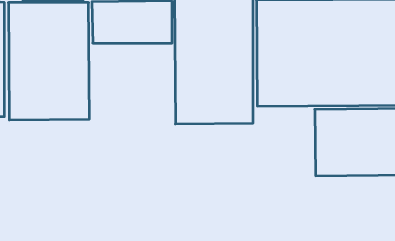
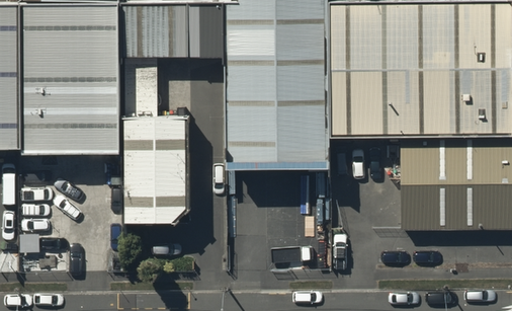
building: none -> [123,61,186,222]

